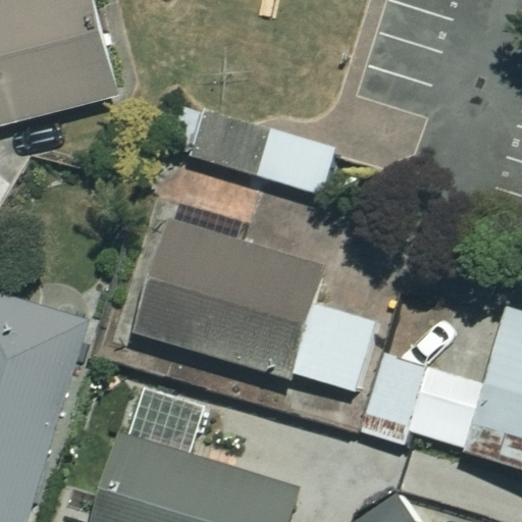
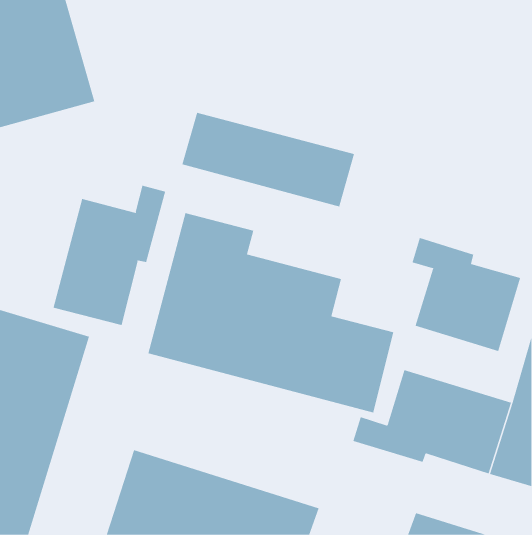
building: none -> [53,185,166,326]
building: none -> [412,237,521,352]

